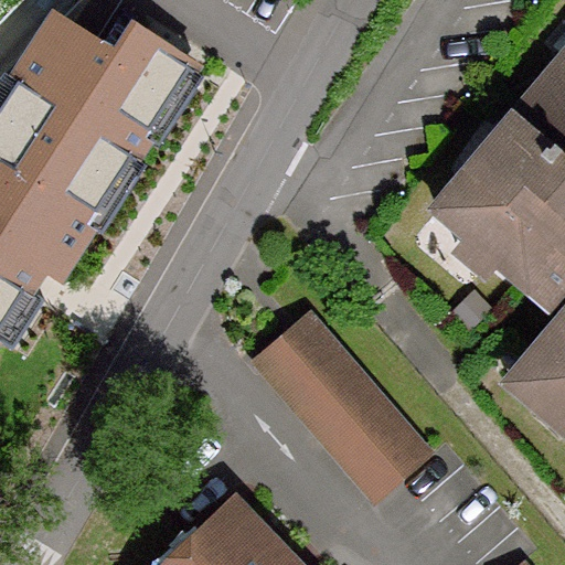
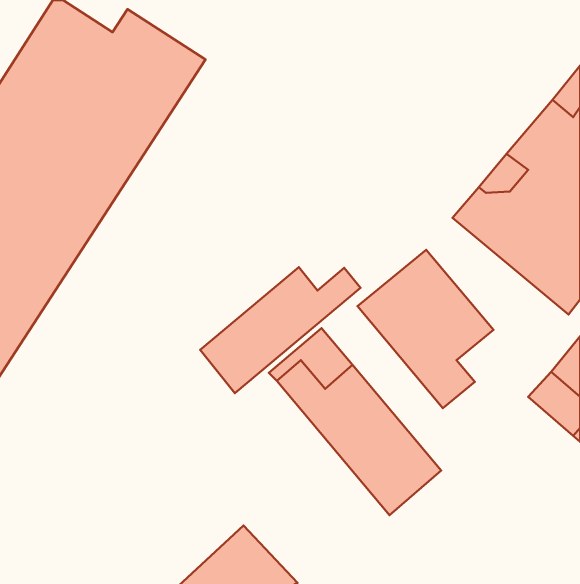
building: none -> [358,250,493,408]
building: none -> [200,267,361,393]

